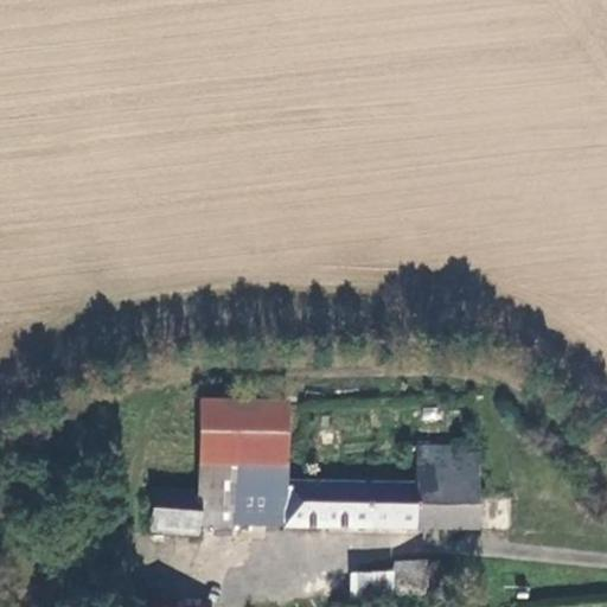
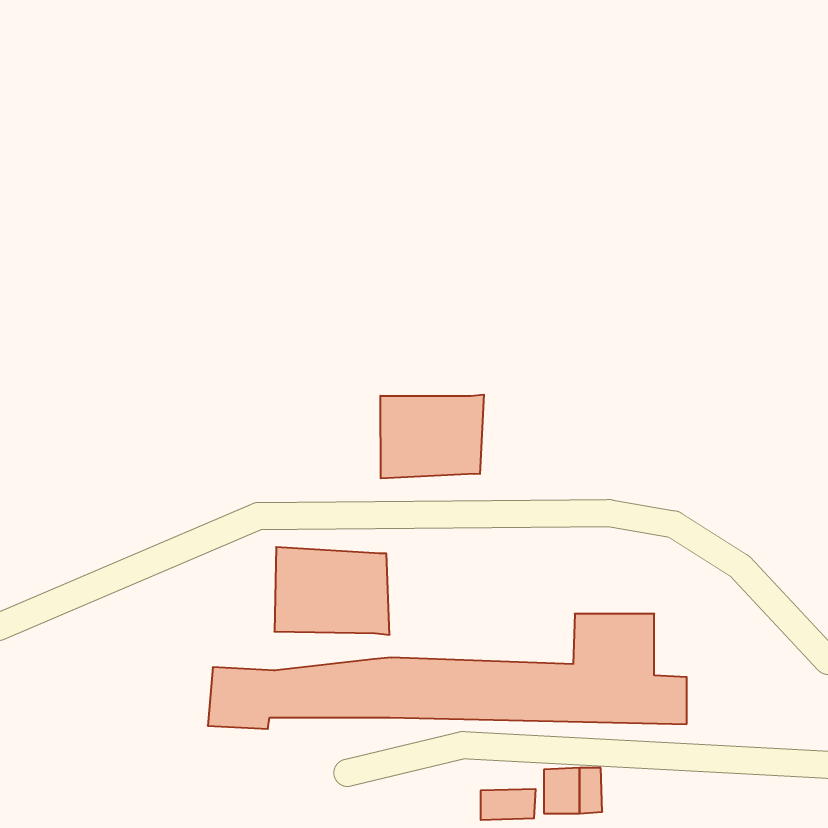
building: none -> [380,395,484,478]
building: [200,461,286,490] -> none

